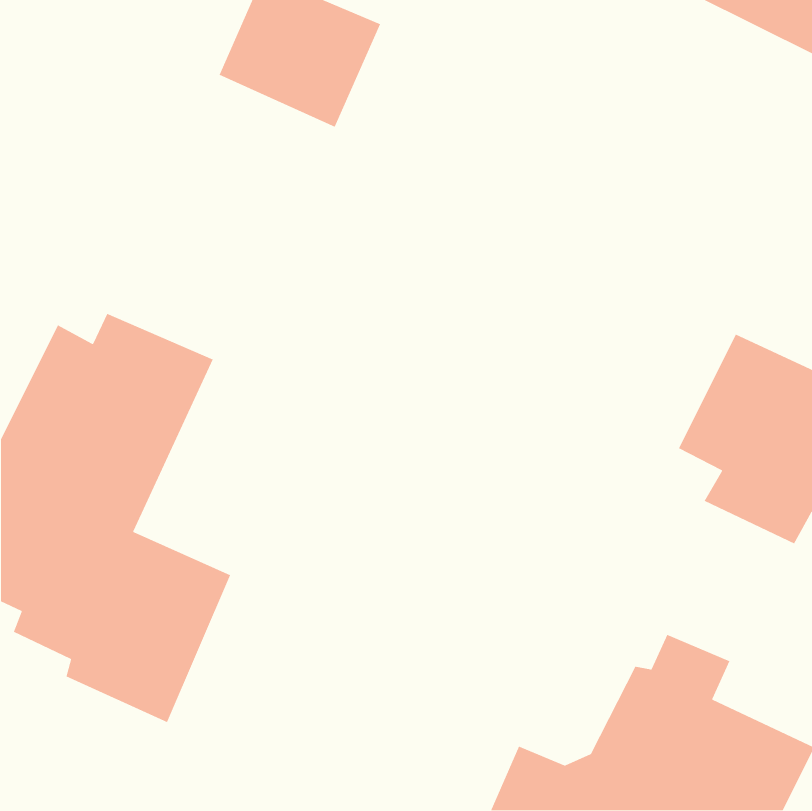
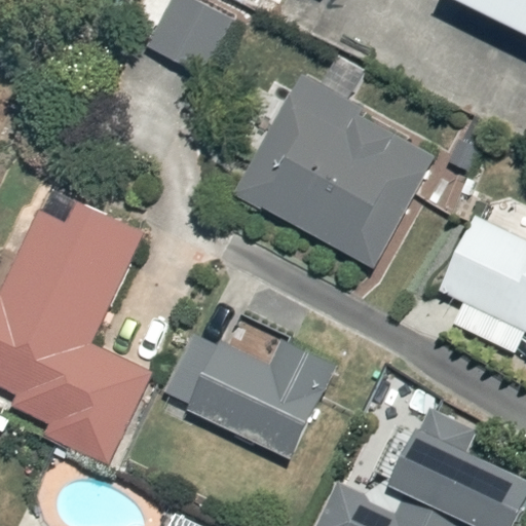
building: none -> [232,74,436,267]
building: none -> [186,339,334,459]

